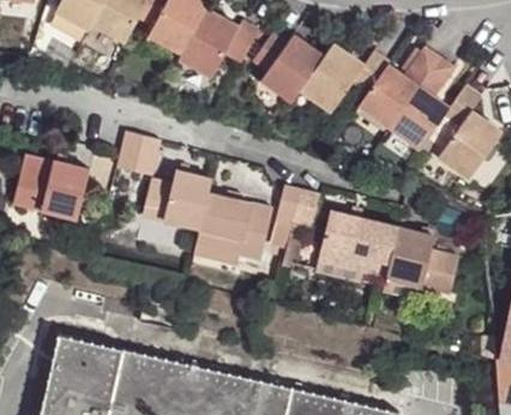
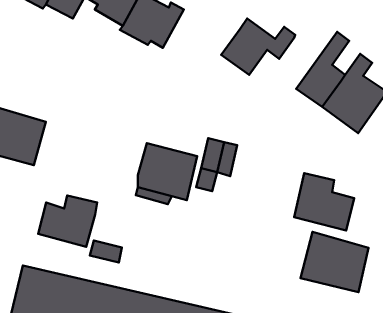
building: [251,32,320,97] -> none
building: [356,47,437,126] -> none
building: [116,127,160,172] -> none
building: [140,168,211,229] -> [38,196,97,247]
building: [315,208,397,279] -> [300,232,368,292]

